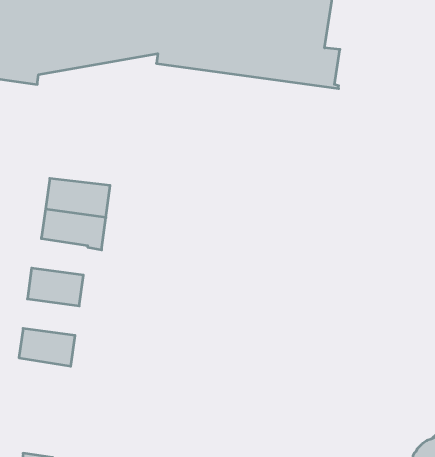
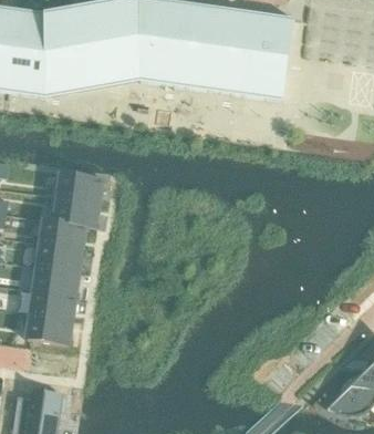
building: none -> [41,217,85,247]
building: none -> [34,266,79,294]
building: none -> [27,312,72,343]

